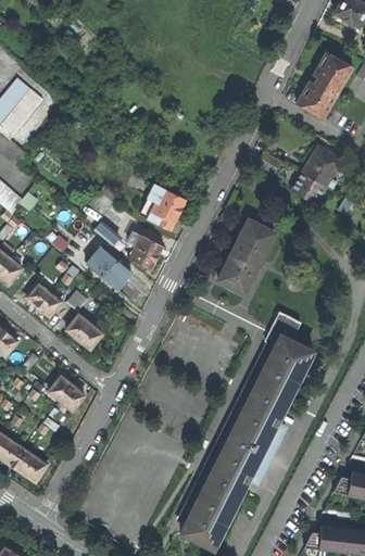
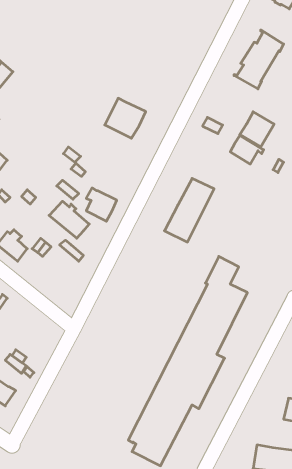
building: [140,184,187,229] -> [105,98,146,138]
building: [66,314,102,349] -> none
building: [49,375,85,409] -> none

